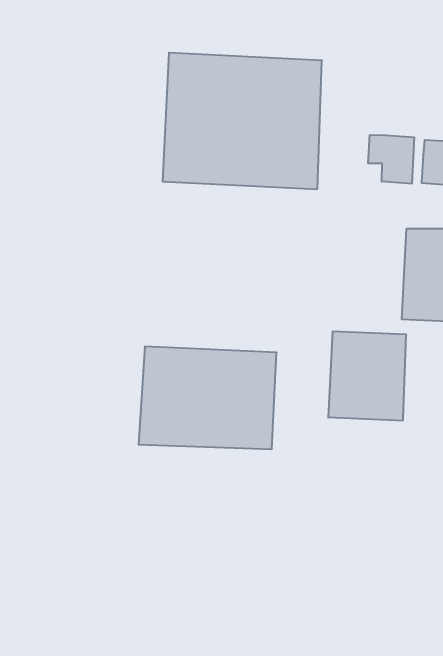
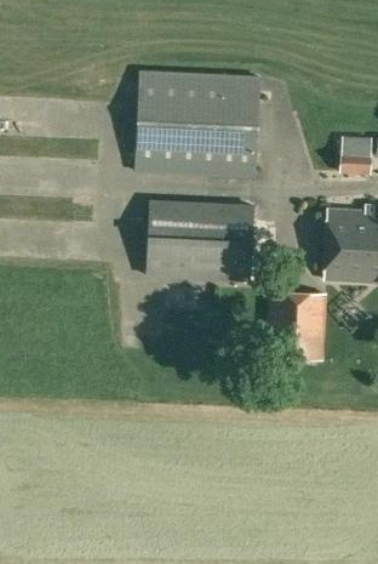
building: [368,135,414,184] -> none
building: [139,347,277,449] -> [145,199,254,280]

